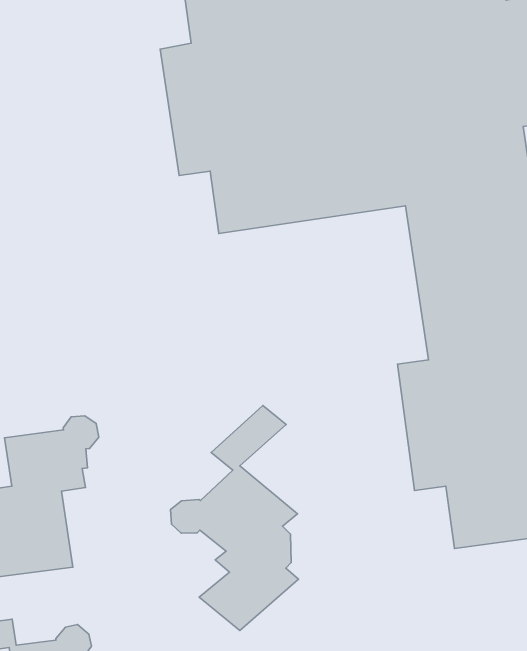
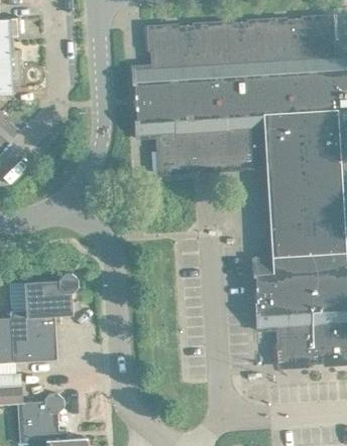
building: [170,405,298,631] -> none

